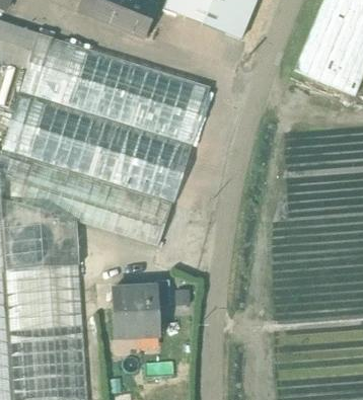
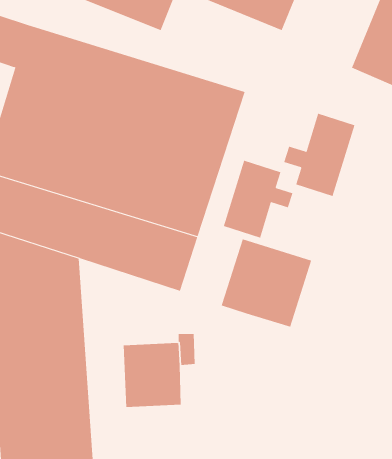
building: none -> [284,113,355,197]
building: none -> [223,160,293,238]
building: none -> [221,238,312,327]

